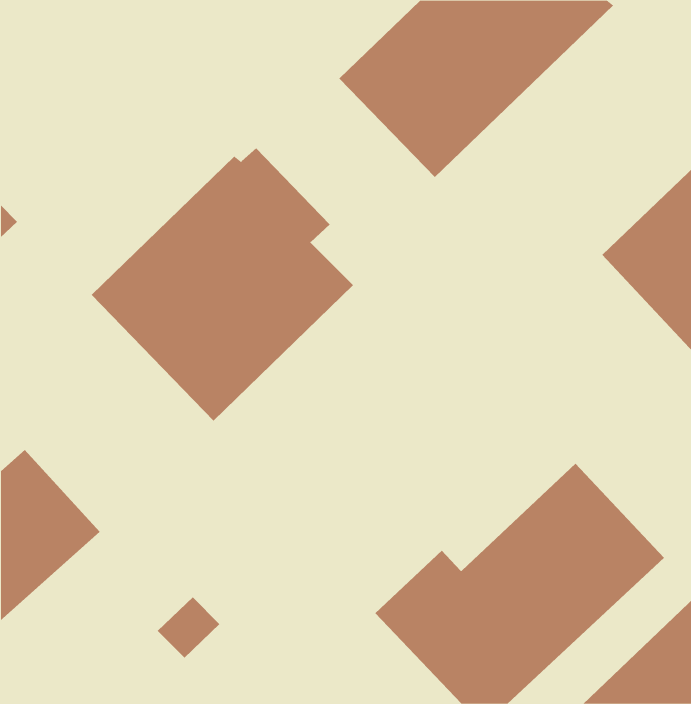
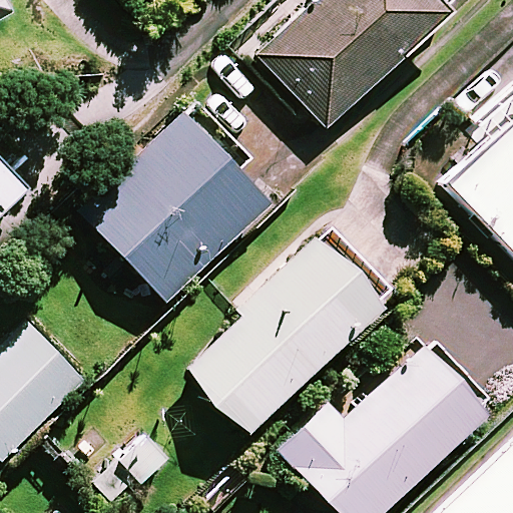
building: none -> [186,229,392,437]

